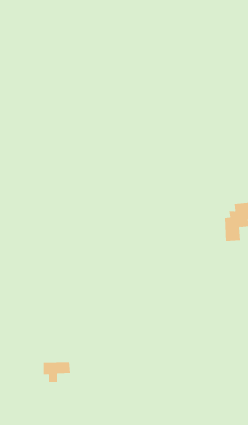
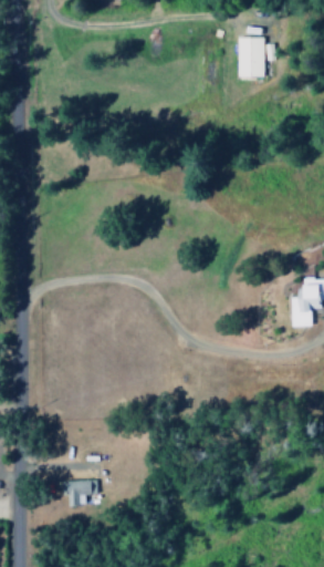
building: none -> [237,38,263,78]

